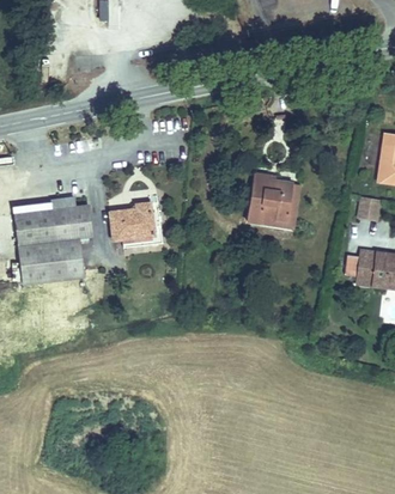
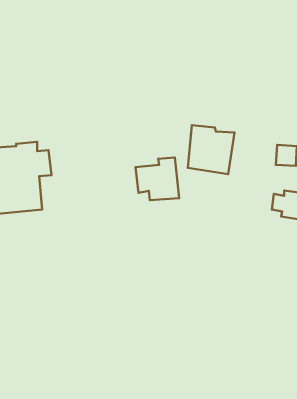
building: [110,201,160,250] -> [135,158,179,200]

